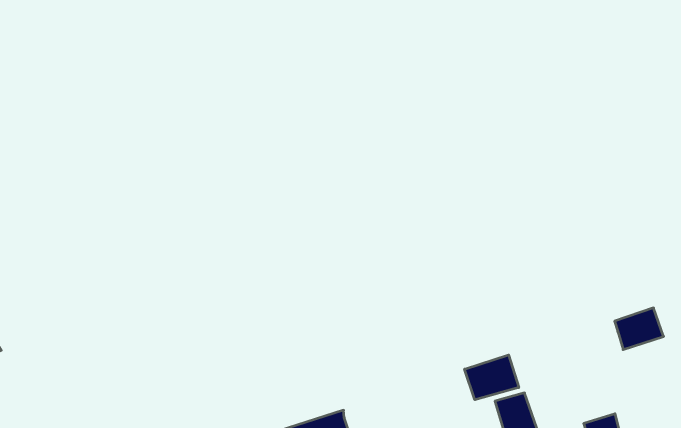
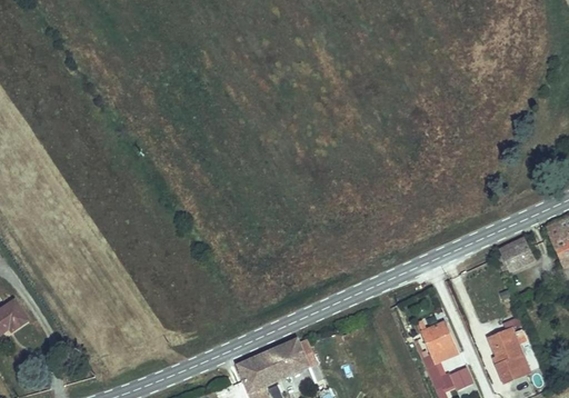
building: [465,355,519,400] -> none

